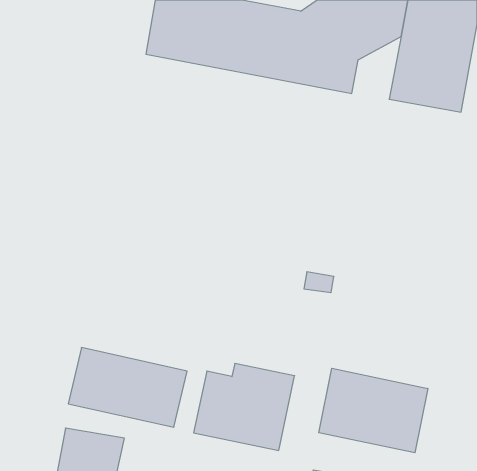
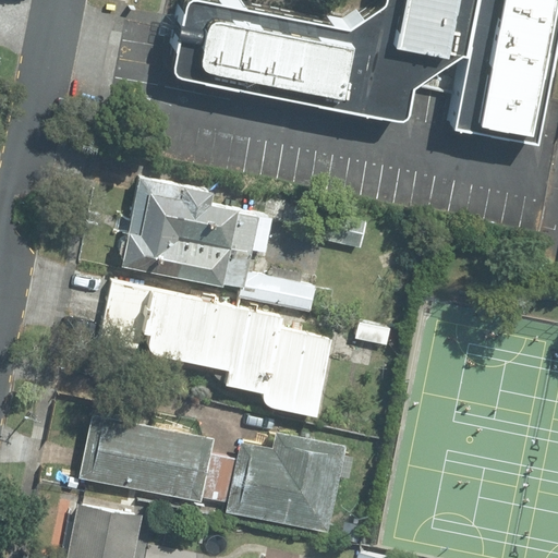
building: none -> [121,175,316,316]
building: none -> [97,281,337,417]
building: [319,368,428,453] -> none

